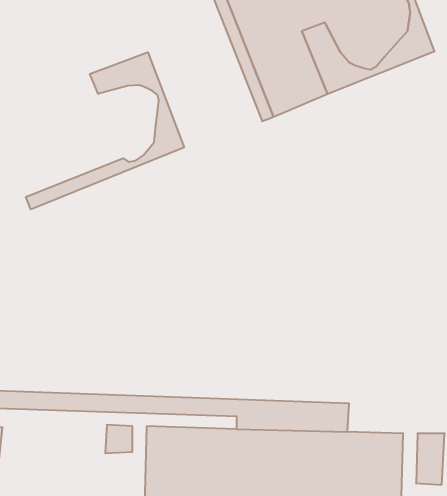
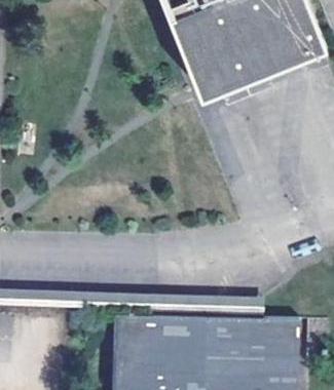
building: [26,52,184,209] -> none

